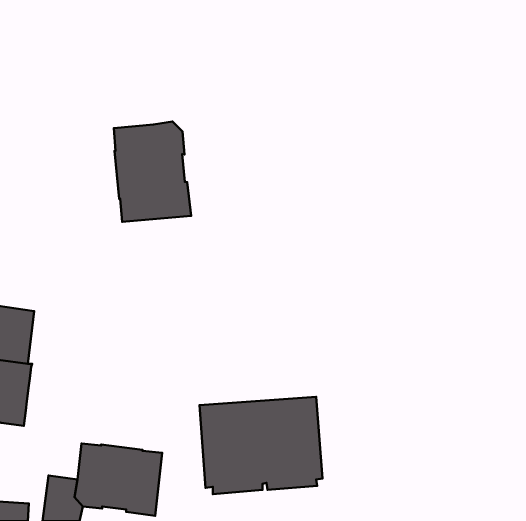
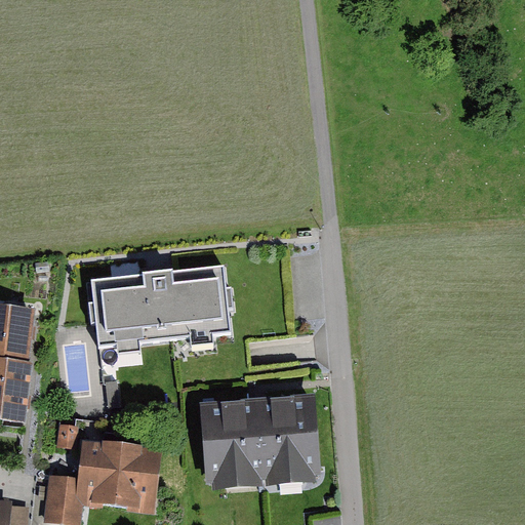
building: [114,122,191,222] -> none
building: none -> [90,266,229,353]

